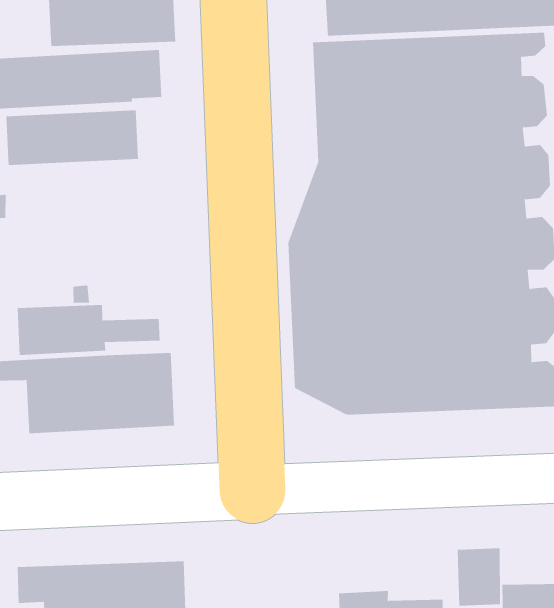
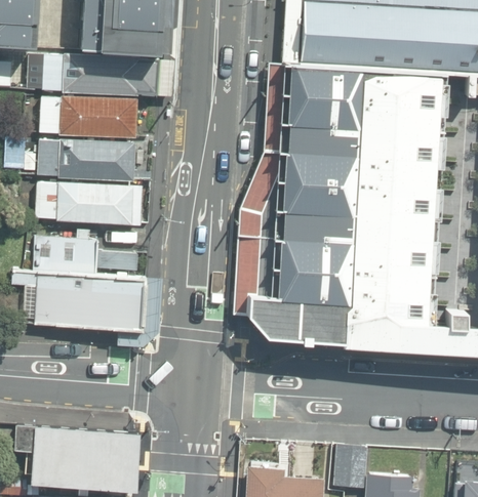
building: none -> [40,135,138,179]
building: none -> [38,183,134,224]

